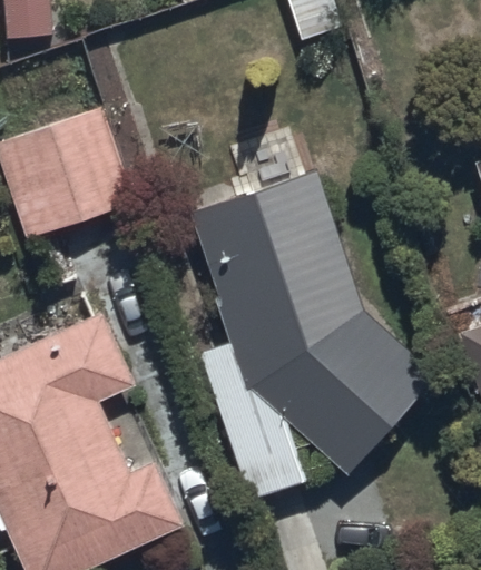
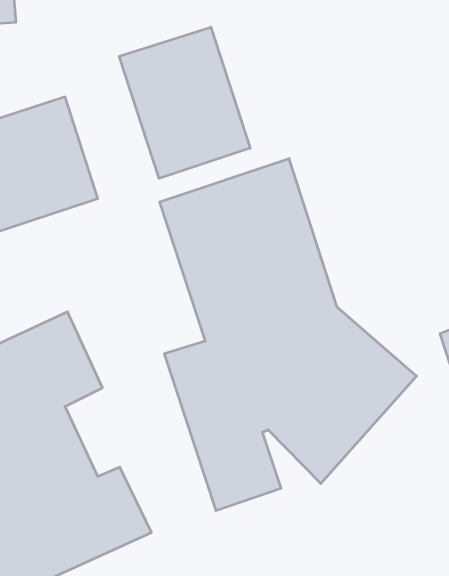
building: none -> [119,27,250,178]

